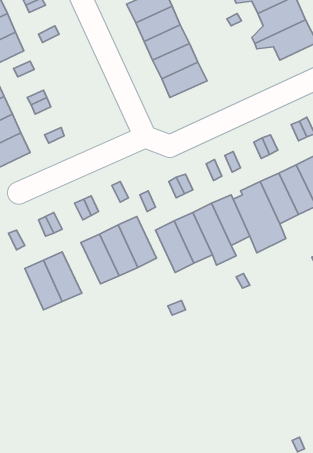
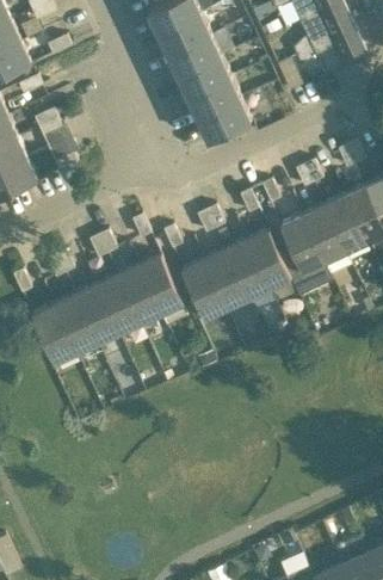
building: none -> [198,99,251,140]
building: none -> [74,285,118,344]

